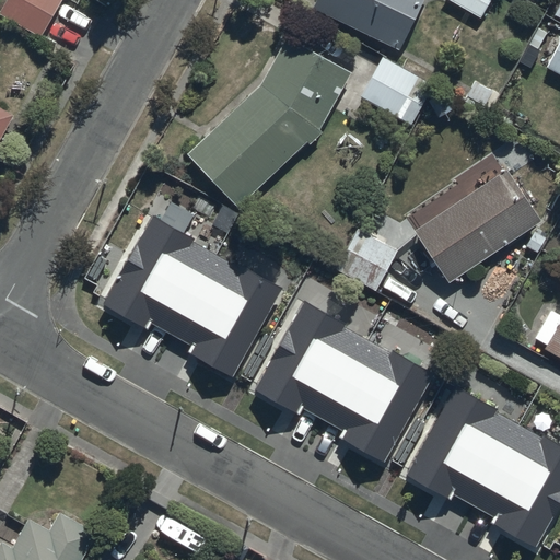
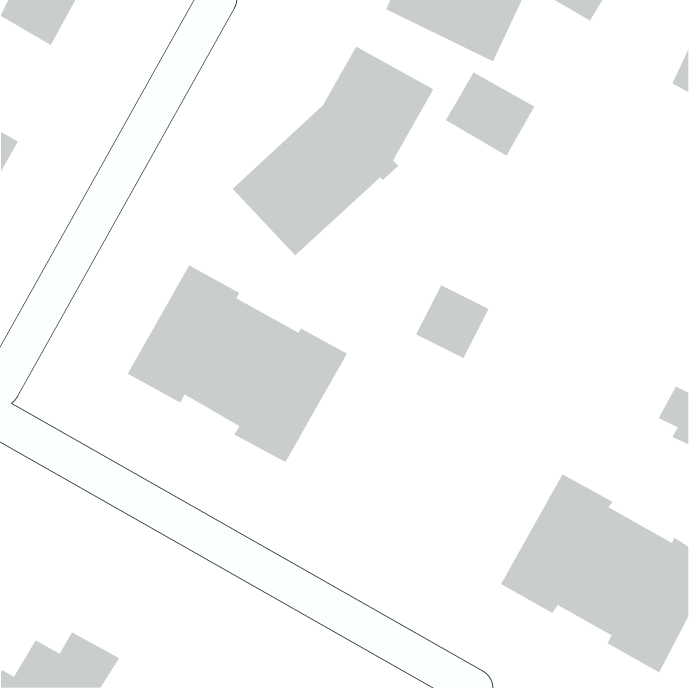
building: [412,170,538,283] -> none
building: [255,301,433,463] -> none

